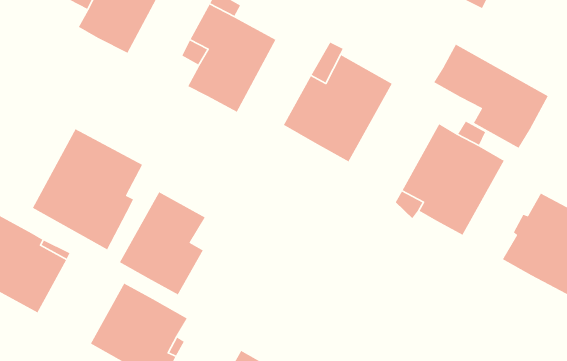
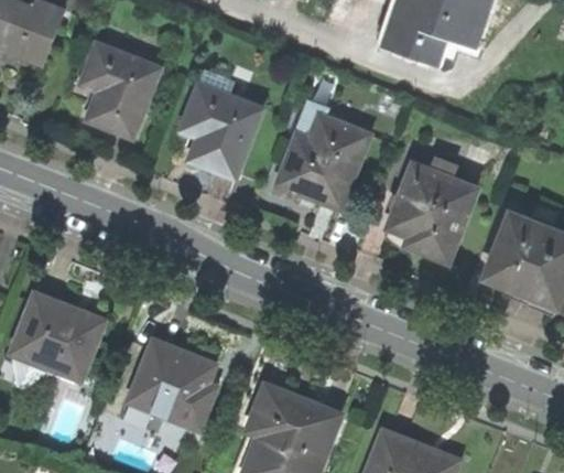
building: [433,44,549,149] -> none
building: [32,128,143,250] -> none
building: [119,191,206,295] -> none

